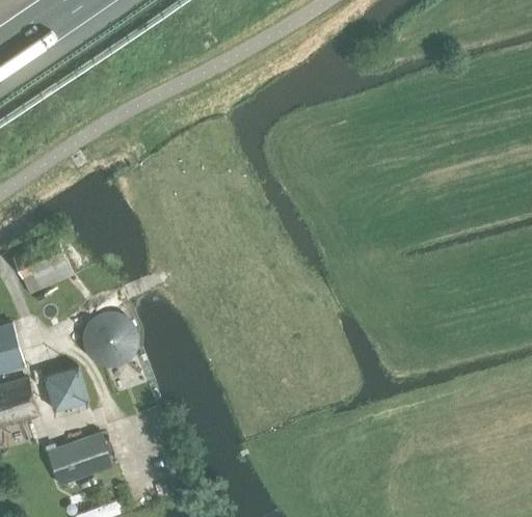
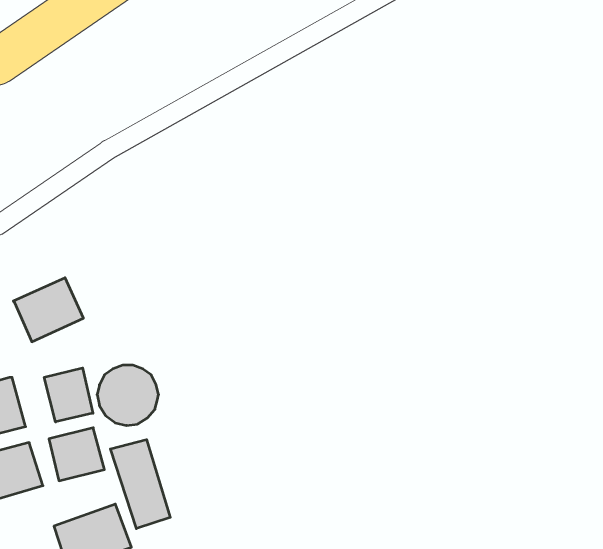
building: none -> [44,368,93,422]
building: none -> [110,440,170,529]

